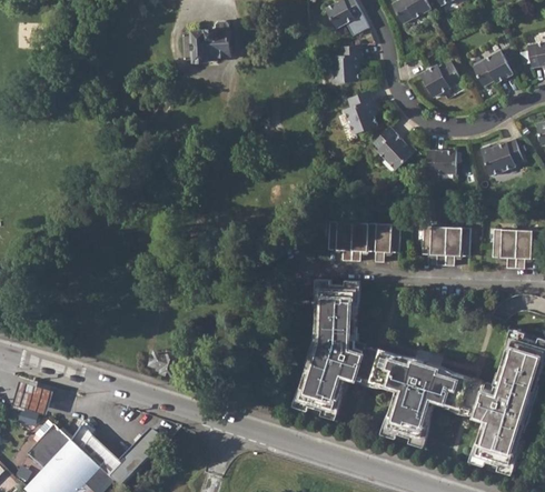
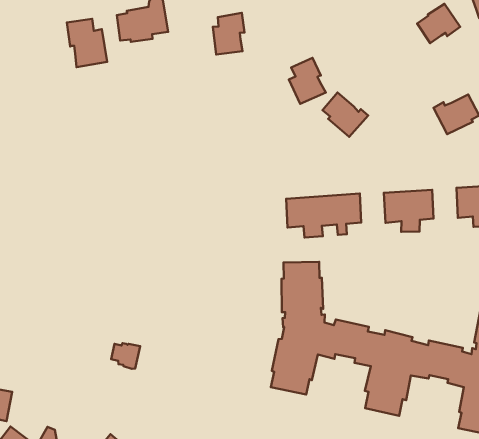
building: none -> [67,19,107,67]
building: [331,46,361,83] -> [213,13,244,54]
building: [418,62,459,99] -> none
building: [426,151,456,174] -> none

